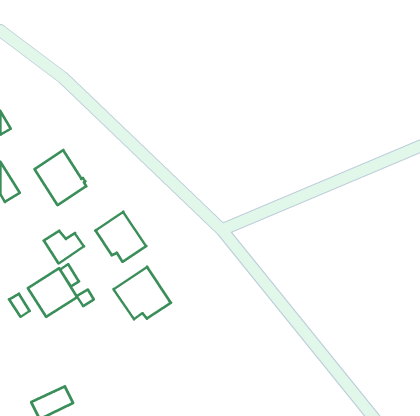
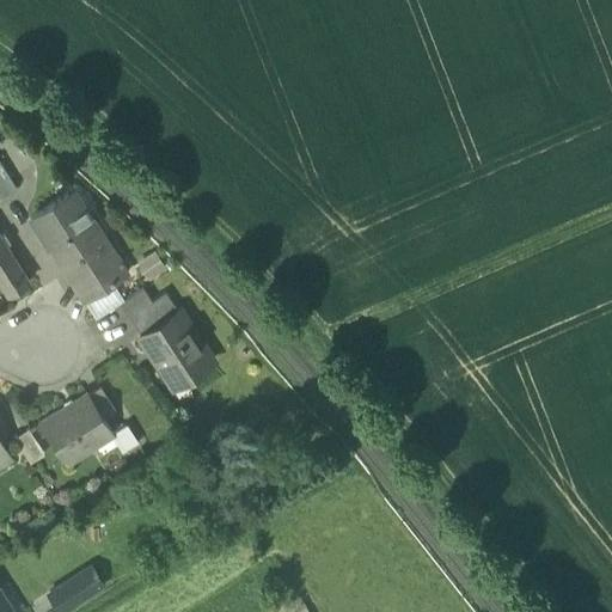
building: none -> [32,196,92,251]
building: [44,231,84,263] -> [120,292,178,339]
building: [114,267,171,319] -> none

